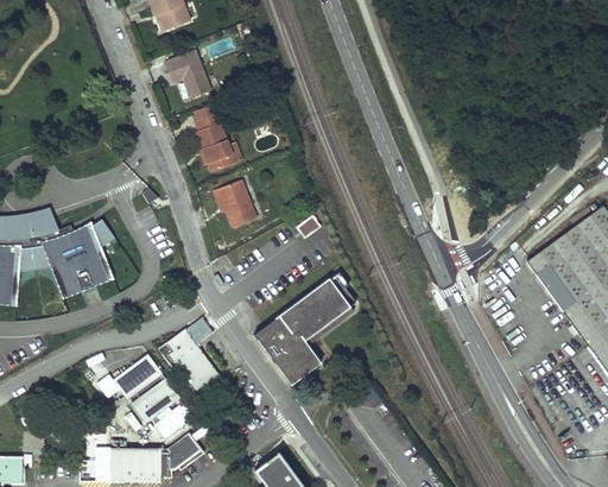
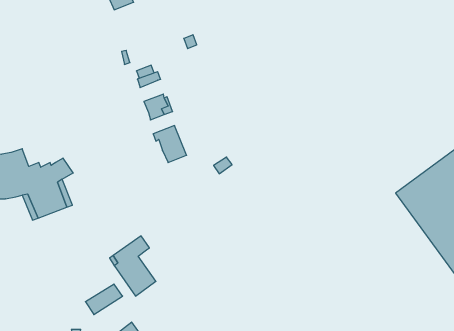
building: [166,48,213,95] -> none
building: [197,119,229,146] -> none
building: [251,278,350,386] -> none
building: [113,353,160,393] -> none

